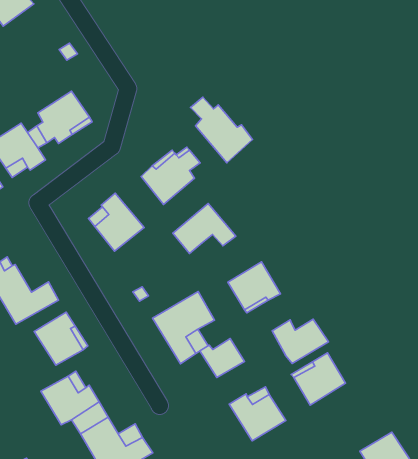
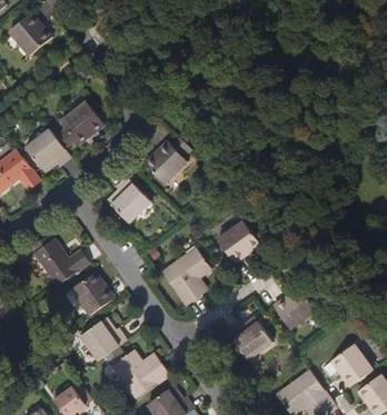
building: [191,97,253,163] -> none
building: [173,203,236,253] -> none
building: [272,319,328,364] -> none
building: [200,338,245,378] -> none

